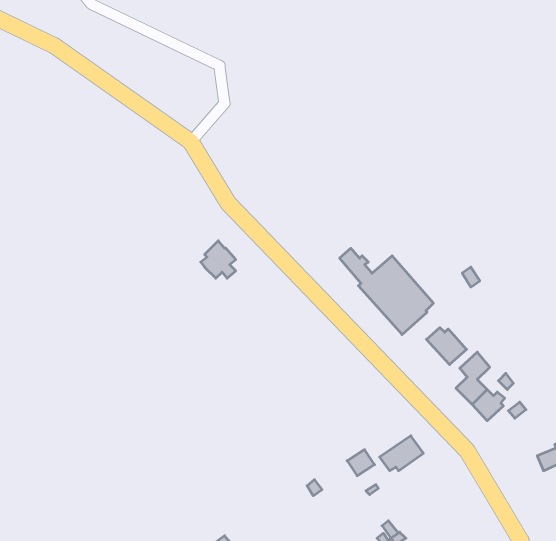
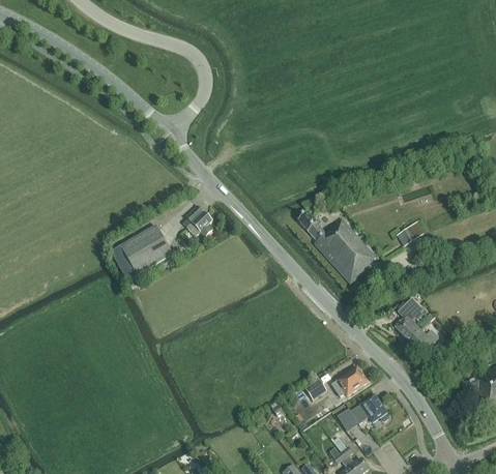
building: none -> [113,225,172,280]
building: [426,328,467,365] -> none
building: none -> [335,393,387,431]

